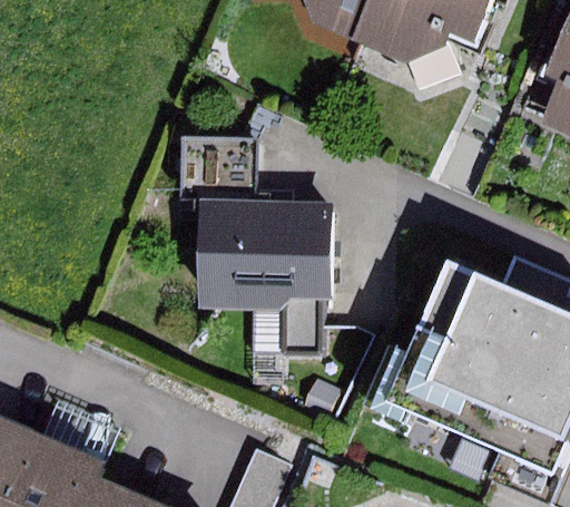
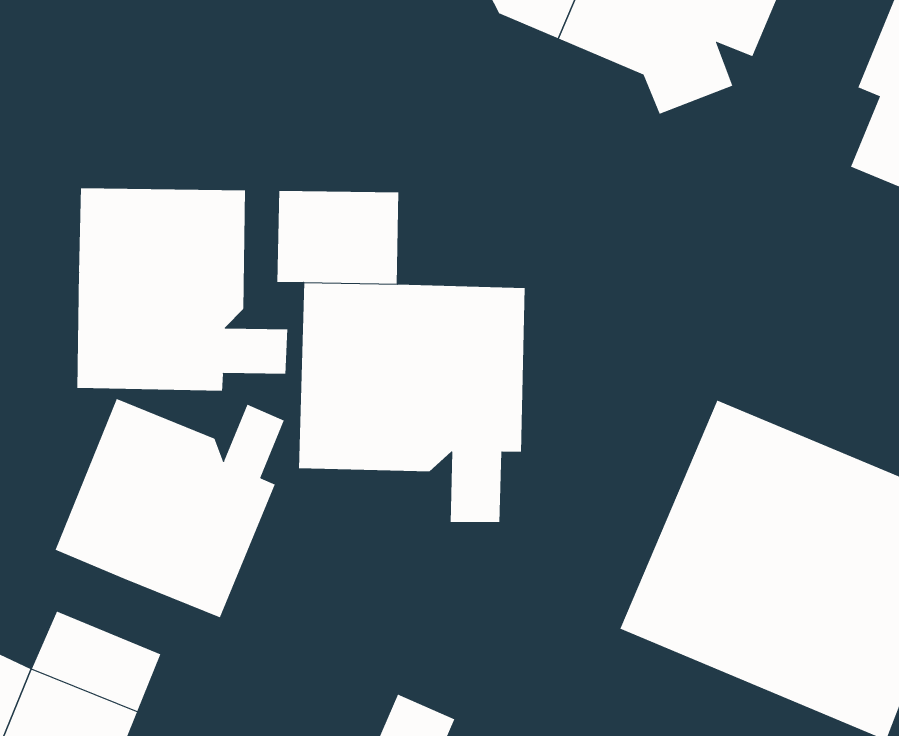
building: none -> [77,188,288,392]
building: none -> [55,398,284,618]

